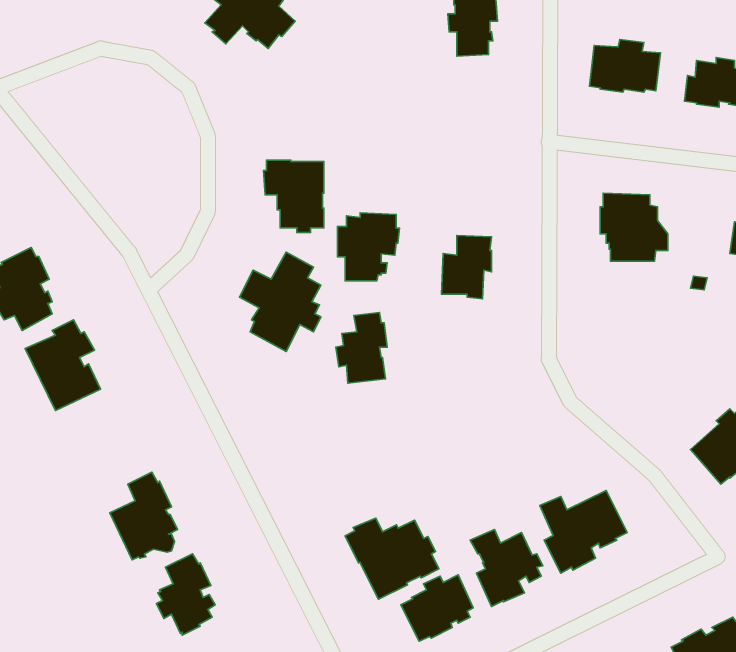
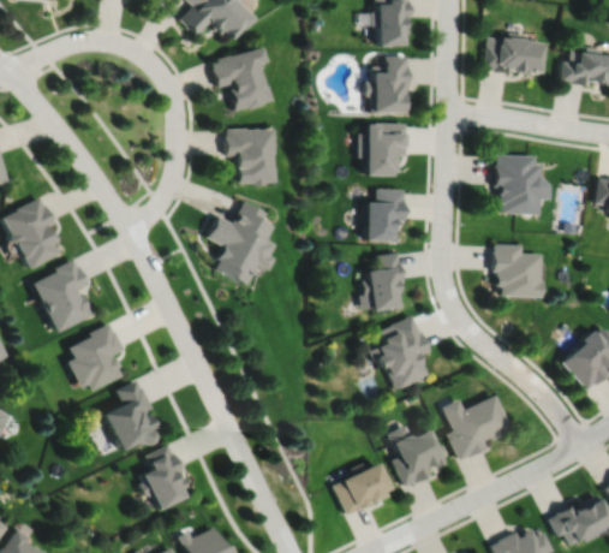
building: none -> [211,49,270,112]
building: none -> [366,58,410,117]
building: [337,213,399,281] -> [360,124,410,178]
building: none -> [494,243,544,295]
building: [336,312,387,383] -> [364,251,405,308]
building: none -> [371,321,431,388]
building: none -> [71,322,124,388]
building: [345,518,439,599] -> none

